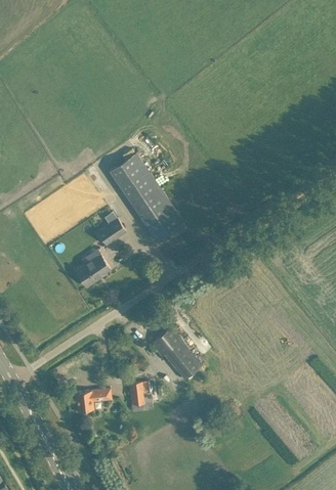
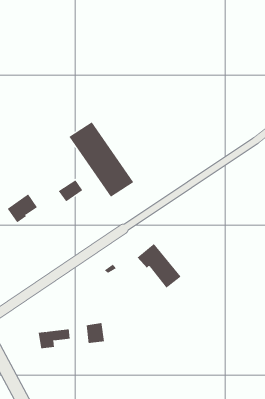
building: [76,254,111,287] -> [7,193,38,223]
building: [152,327,202,378] -> [137,243,181,288]

